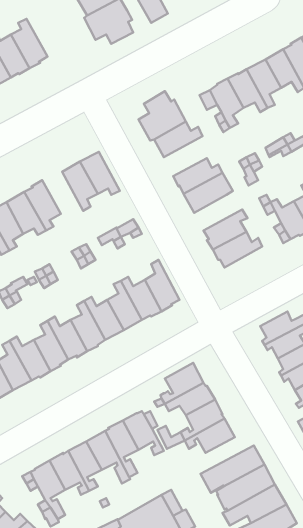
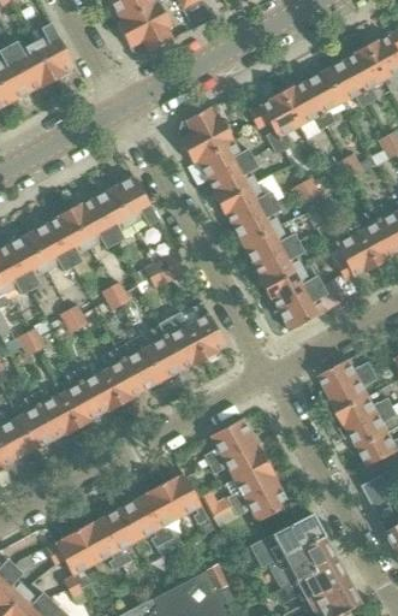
building: none -> [208,158,257,203]
building: none -> [69,199,115,248]
building: none -> [243,225,298,266]
building: none -> [278,284,327,330]

